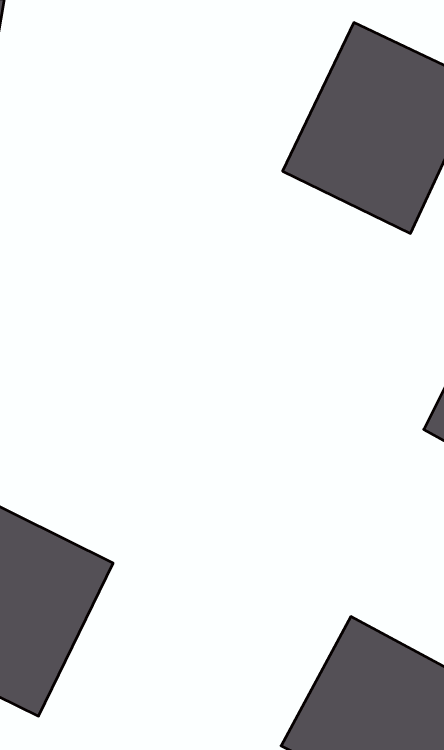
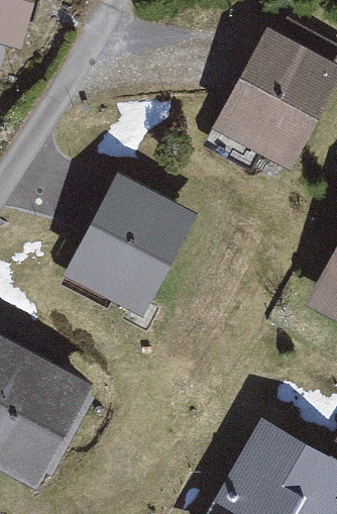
building: none -> [59,181,195,320]

